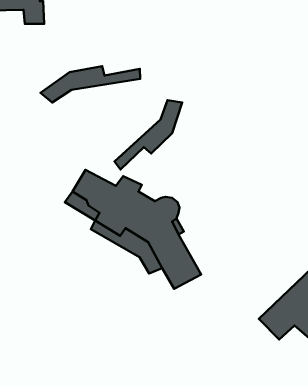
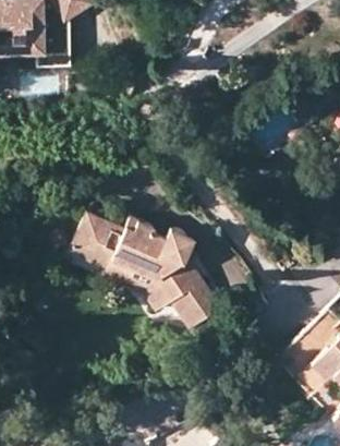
building: [41,66,140,102] -> none
building: [115,100,182,169] -> none

